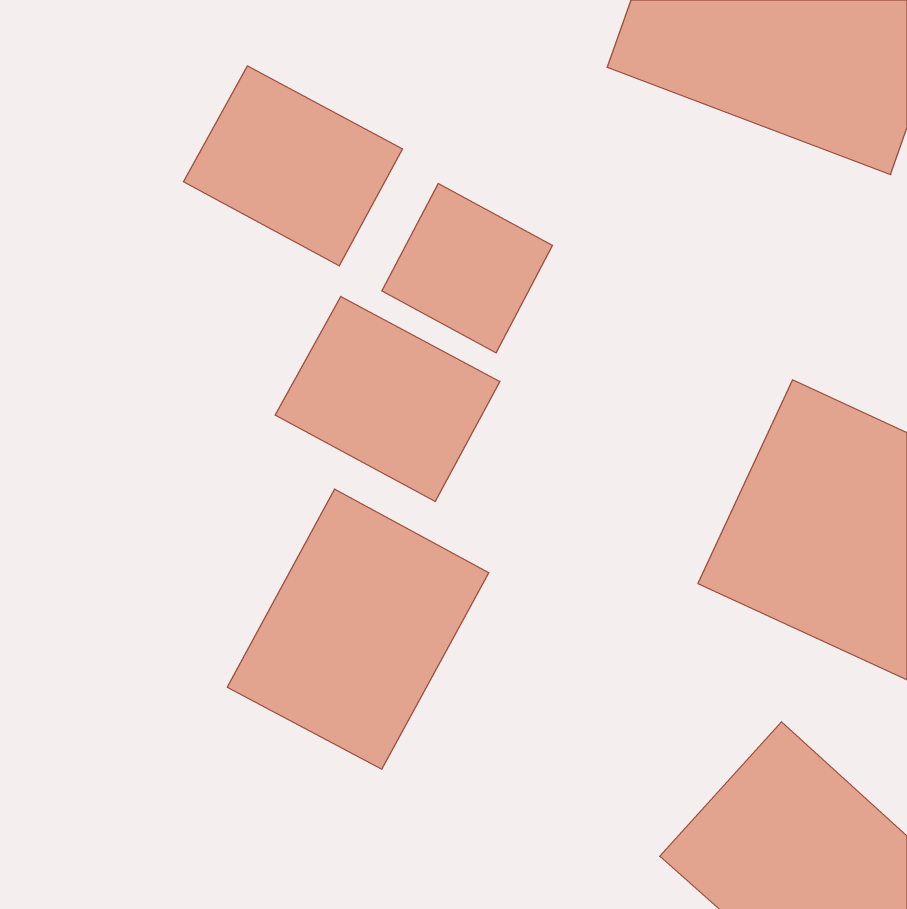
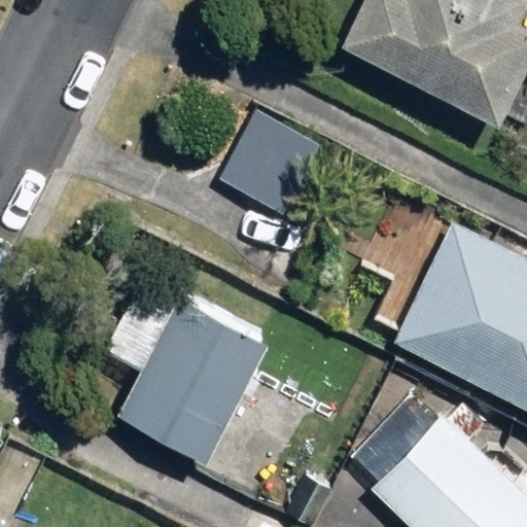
building: [183,66,402,266] -> none
building: [275,296,500,502] -> none

